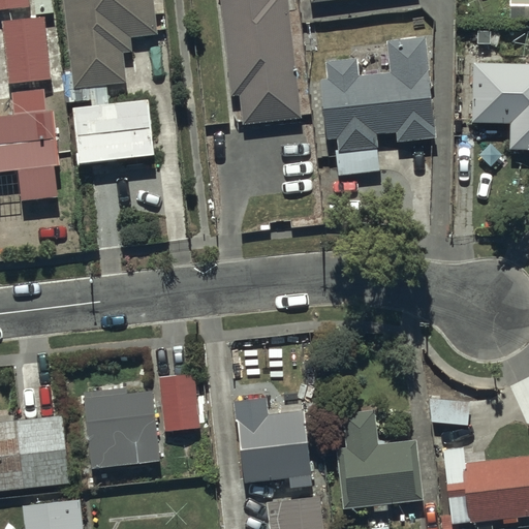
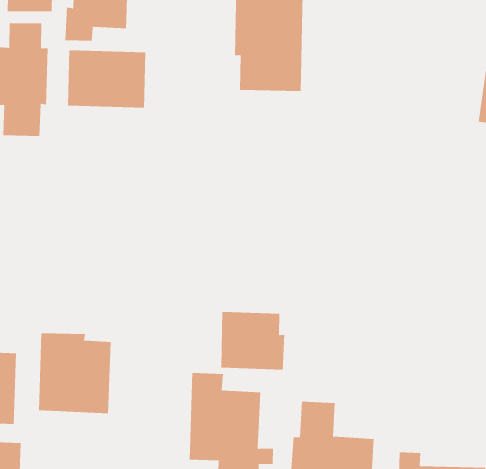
building: [319,38,434,175] -> none
building: none -> [221,311,285,370]
building: [160,366,201,423] -> none

